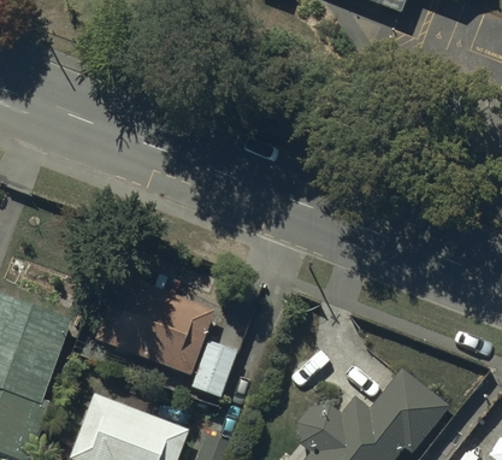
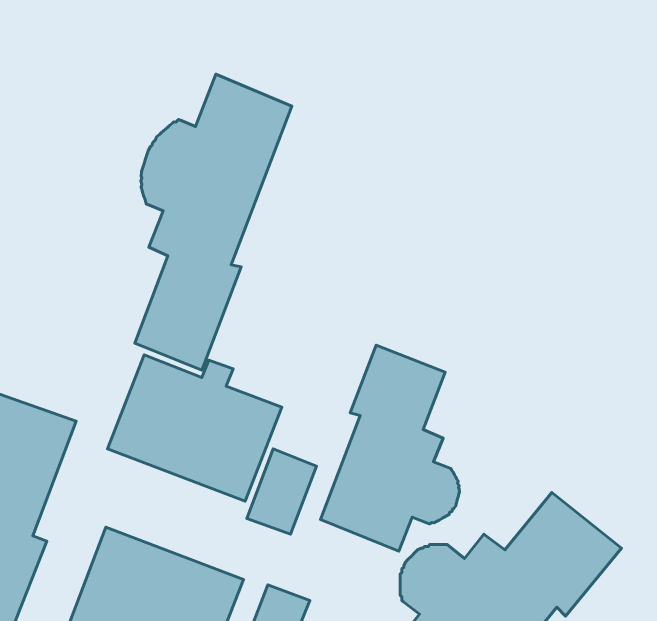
building: none -> [135,74,292,370]
building: none -> [320,345,459,551]

